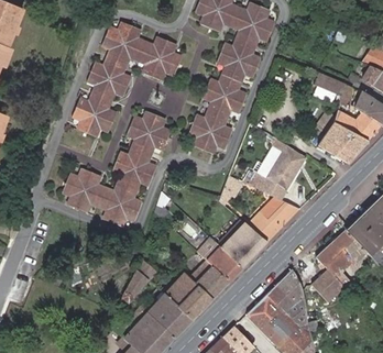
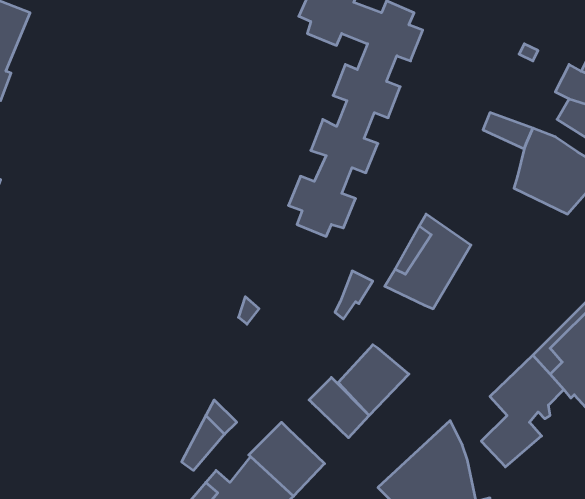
building: [74,21,182,136] -> none
building: [313,109,368,162] -> none
building: [64,110,169,225] -> none
building: [247,197,299,242] -> none
building: [189,260,228,298] -> none

